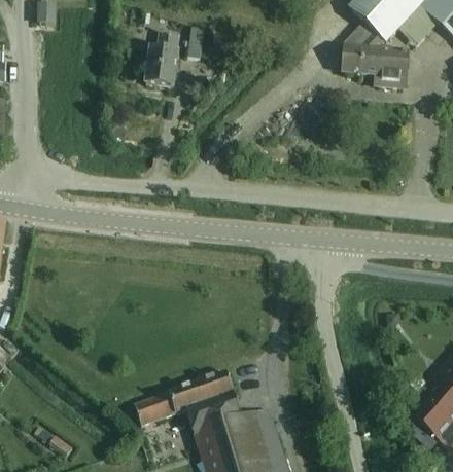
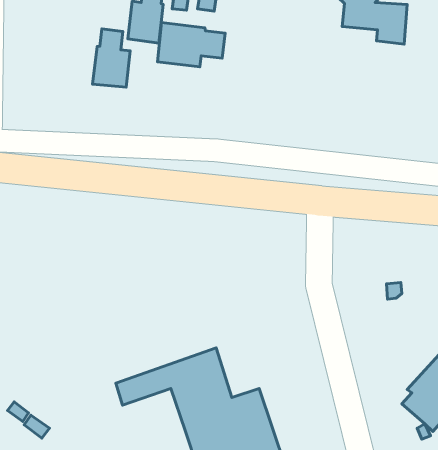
building: none -> [158,23,225,67]
building: none -> [93,29,130,87]

